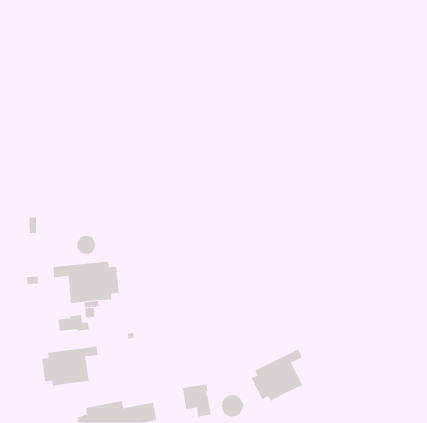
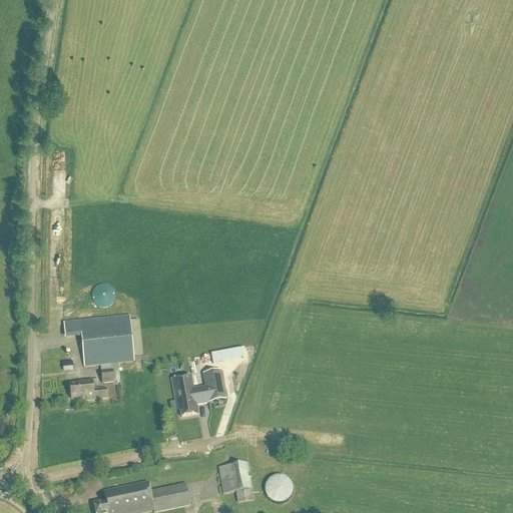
building: none -> [171,368,225,416]
building: [42,346,98,386] -> none
building: [251,349,303,402] -> none

